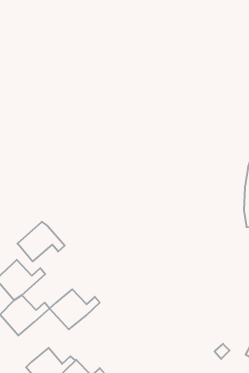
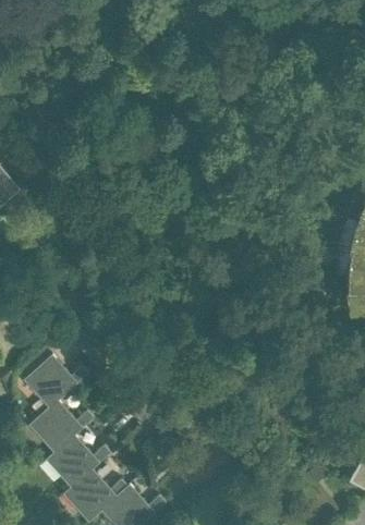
building: [17,222,65,261] -> none
building: [49,289,100,329] -> [48,439,113,491]

